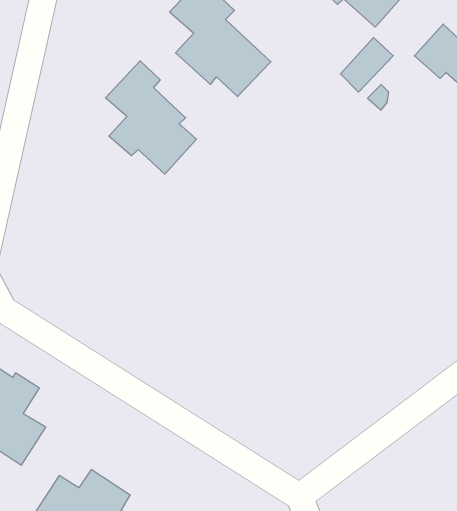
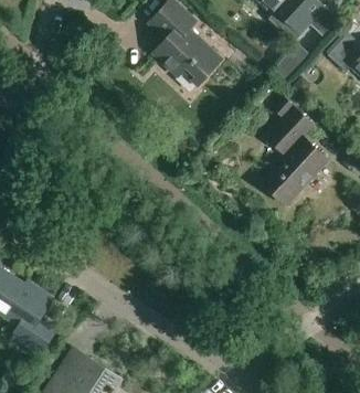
building: [105,61,196,174] -> none
building: none -> [261,94,327,204]

